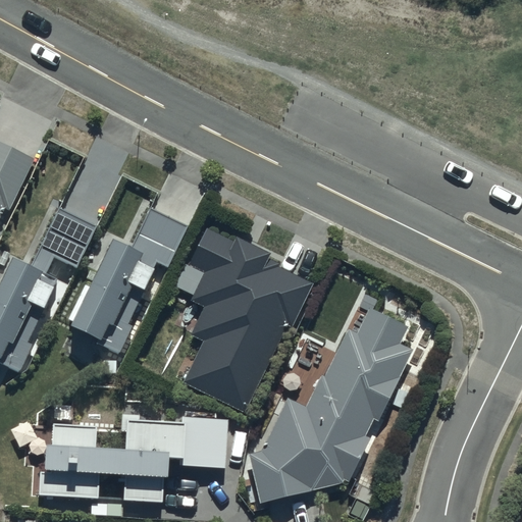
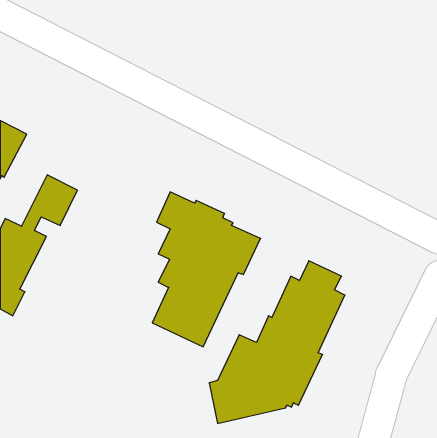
building: [66,209,186,353] -> none
building: [37,416,225,502] -> none

